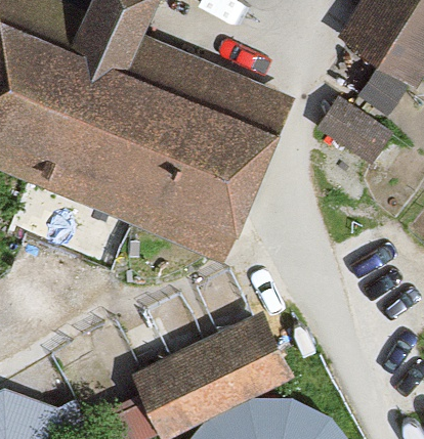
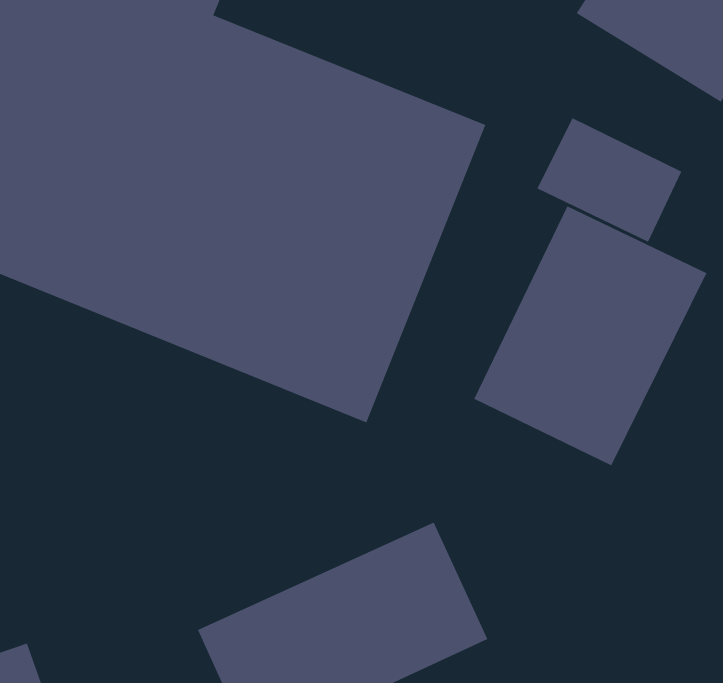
building: none -> [473,205,707,466]

